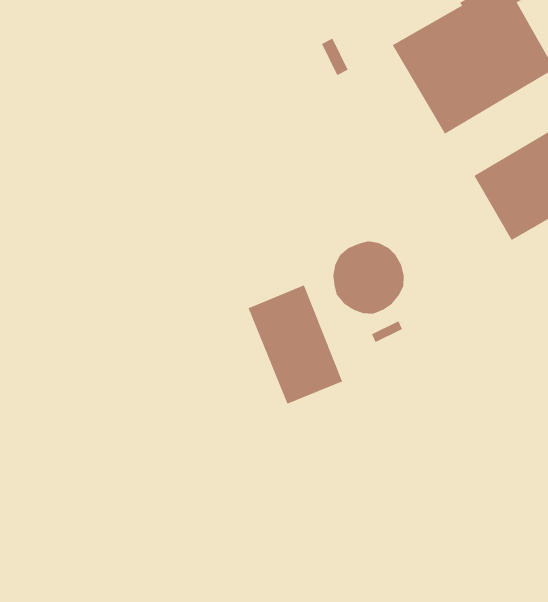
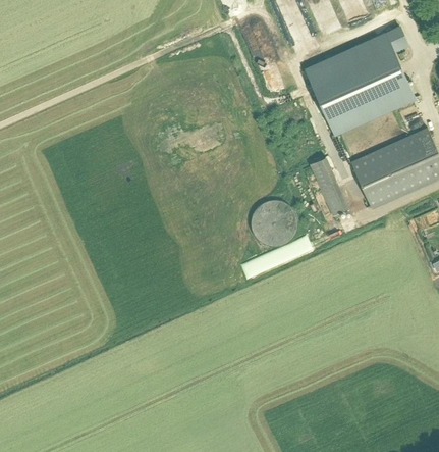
building: none -> [310,157,347,216]
building: [248,285,343,404] -> none

